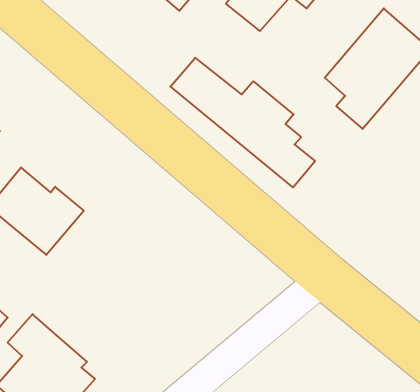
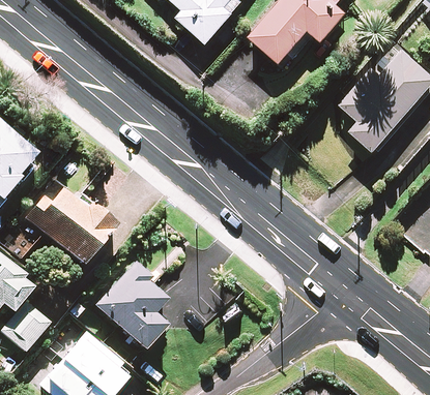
building: [170,58,315,187] -> none
building: none -> [96,265,169,350]

